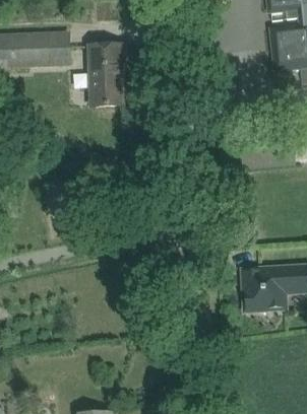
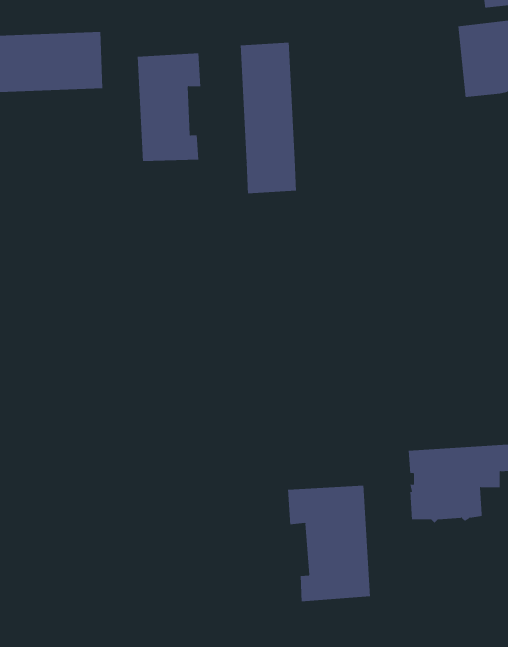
building: none -> [240,42,297,194]
building: none -> [288,485,371,602]

